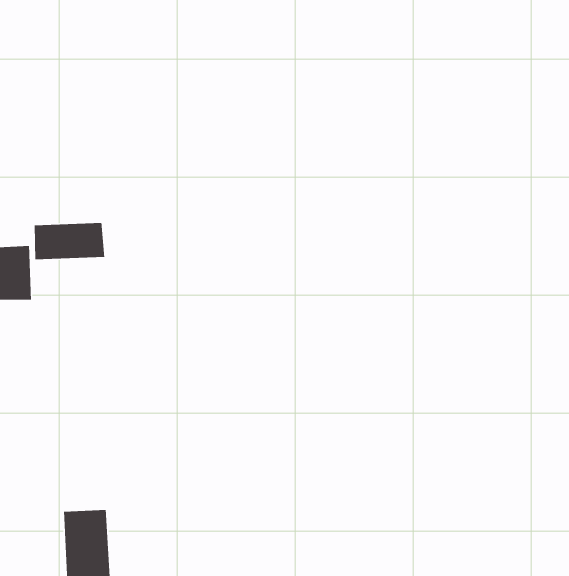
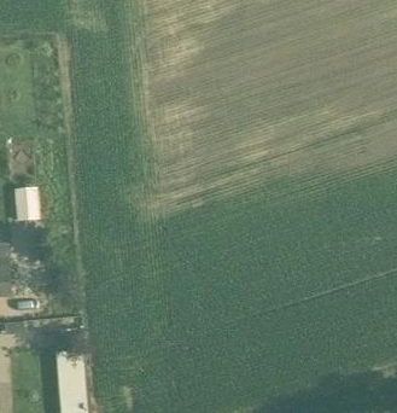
building: [34,222,105,260] -> none

